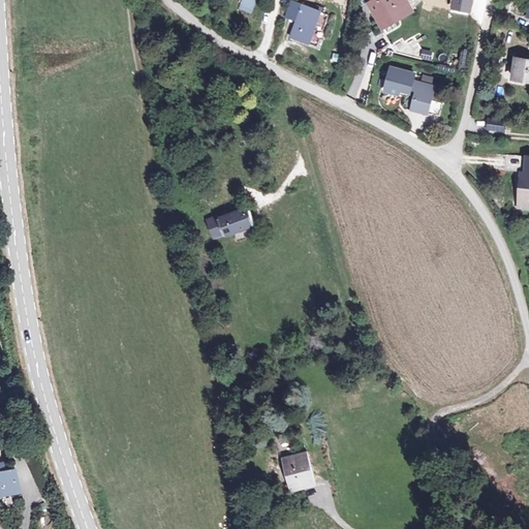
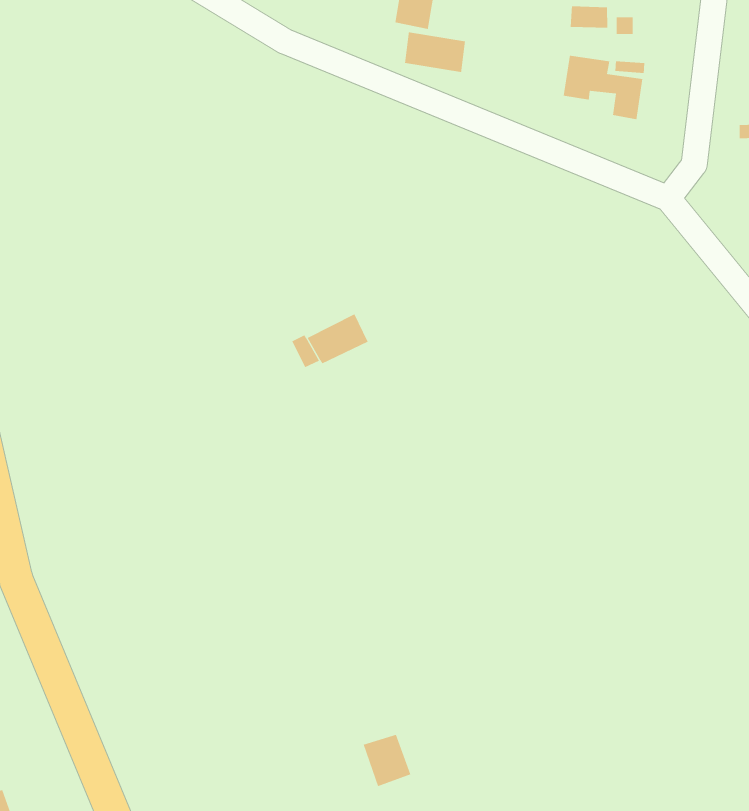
building: none -> [404,31,465,73]
building: [286,452,313,481] -> [363,734,411,787]

